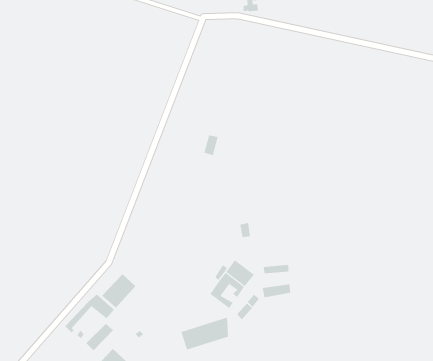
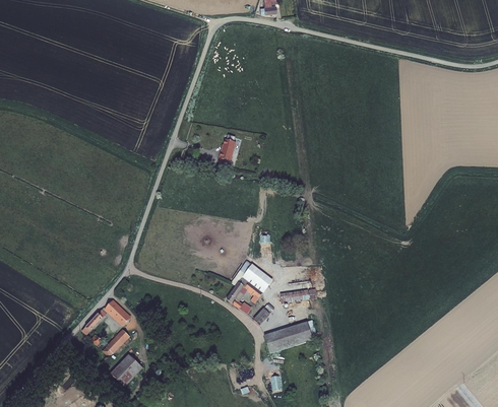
building: [101,273,136,308] -> none
building: [180,317,229,350] -> [264,319,313,352]

